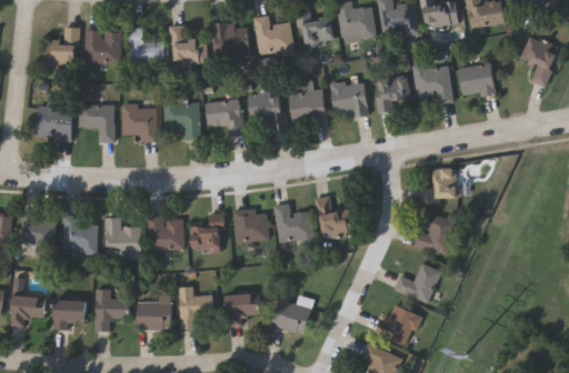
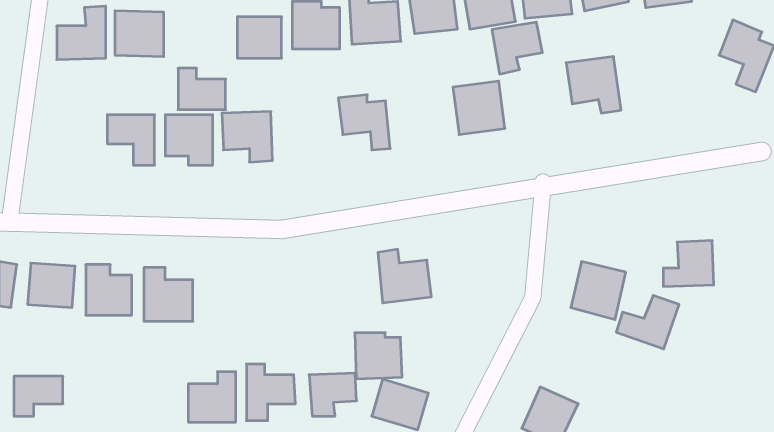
building: [129,34,163,64] -> [178,68,226,110]
building: [458,63,493,97] -> none
building: [375,75,411,113] -> [492,22,542,74]
building: [289,81,326,123] -> none
building: [204,99,242,137] -> none
building: [37,101,72,140] -> none
building: [423,168,460,201] -> [663,241,714,286]
building: [318,196,353,235] -> none
building: [234,209,269,242] -> [355,333,402,379]
building: [192,214,224,249] -> none
building: [148,216,184,249] -> none
building: [396,263,441,302] -> [616,295,679,349]
building: [96,289,130,330] -> none
building: [56,300,87,329] -> none

